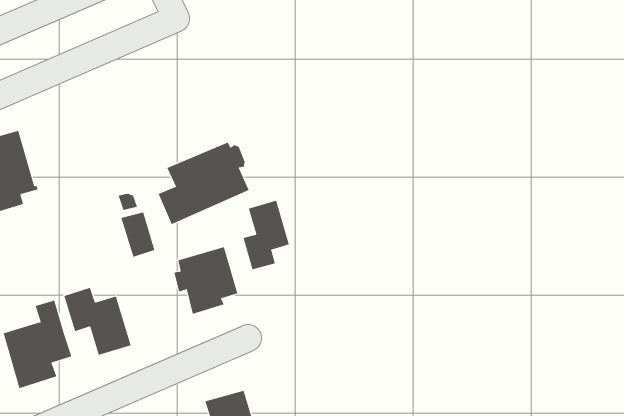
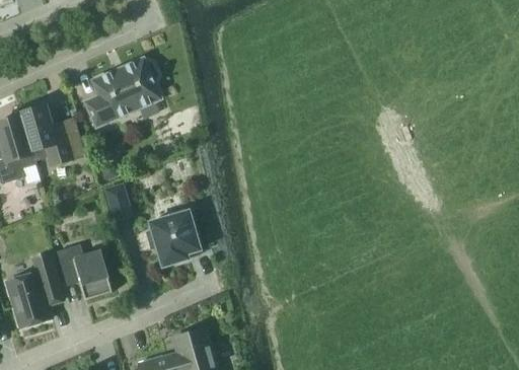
building: none -> [18,103,84,165]
building: [158,142,249,225] -> [84,58,159,126]
building: [243,200,290,270] -> none

